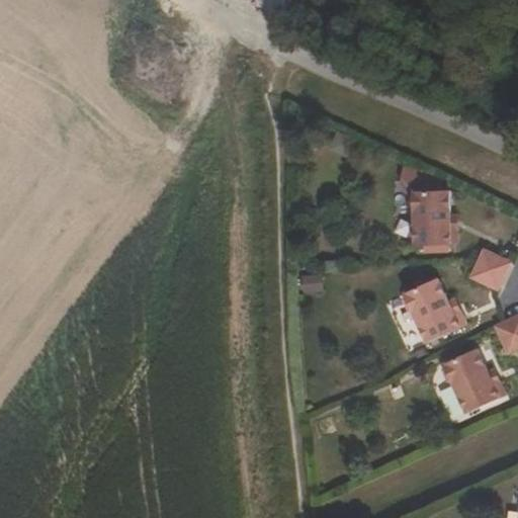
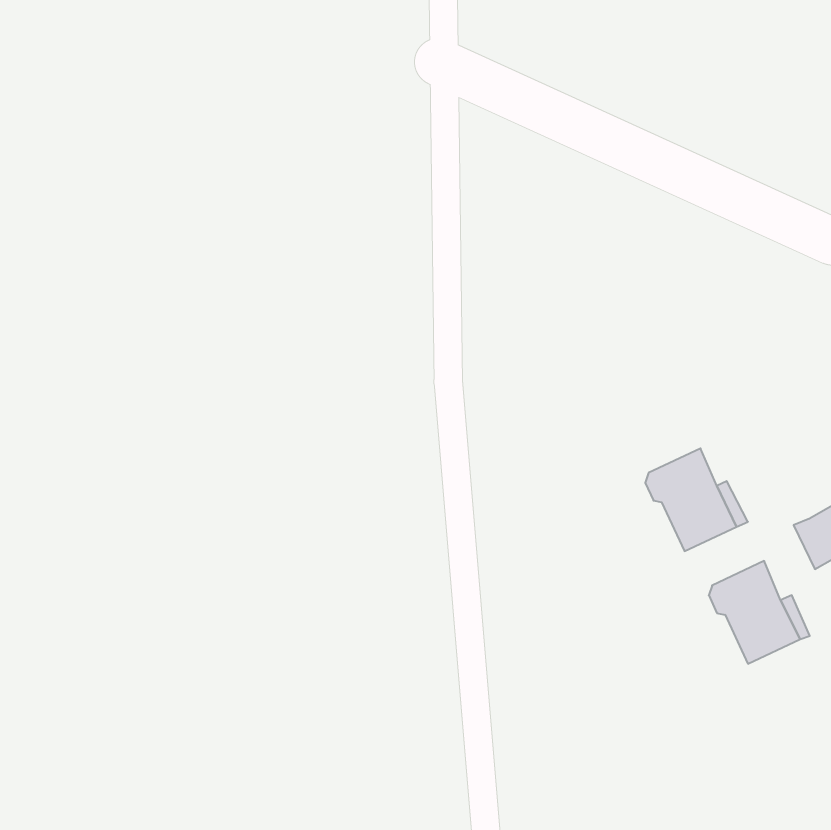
building: [410,190,448,244] -> none
building: [471,250,511,290] -> none

